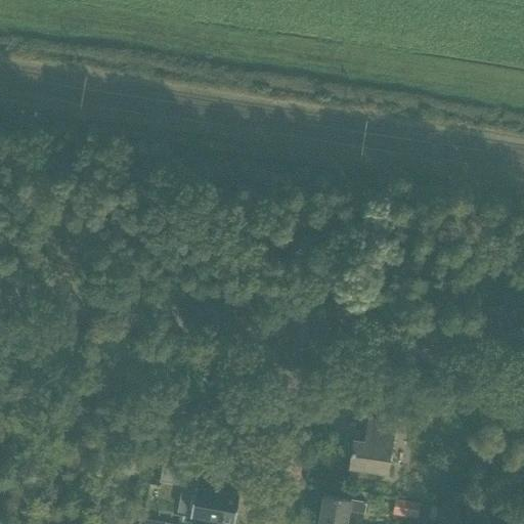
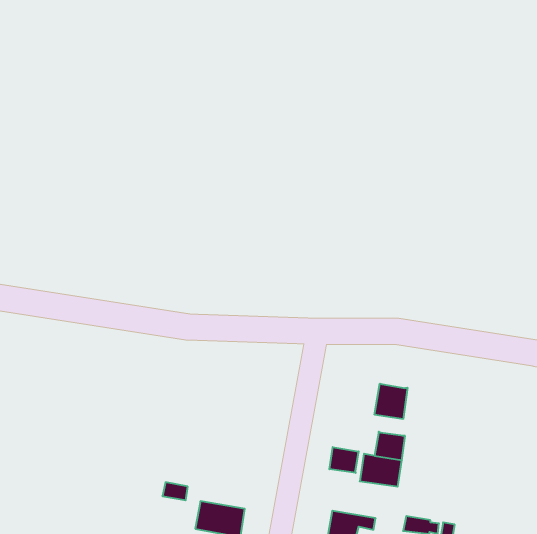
building: none -> [375,384,407,419]
building: none -> [329,447,359,473]

